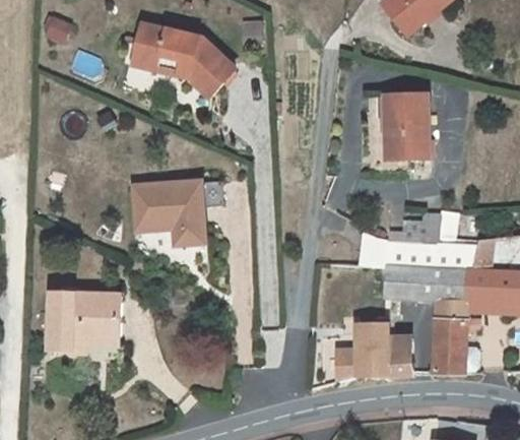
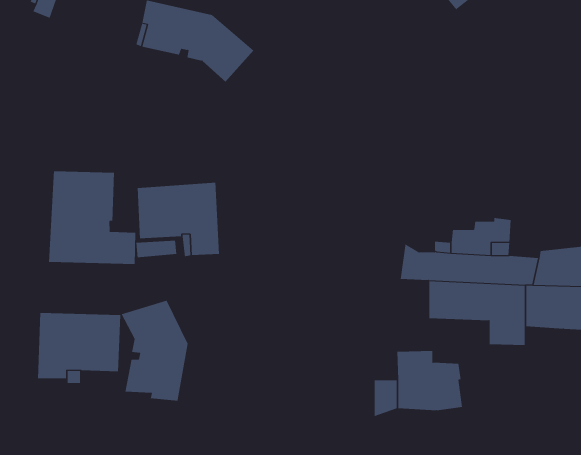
building: [384,96,428,159] -> none
building: none -> [48,171,136,265]
building: none -> [121,300,188,402]
building: [433,320,466,372] -> none

